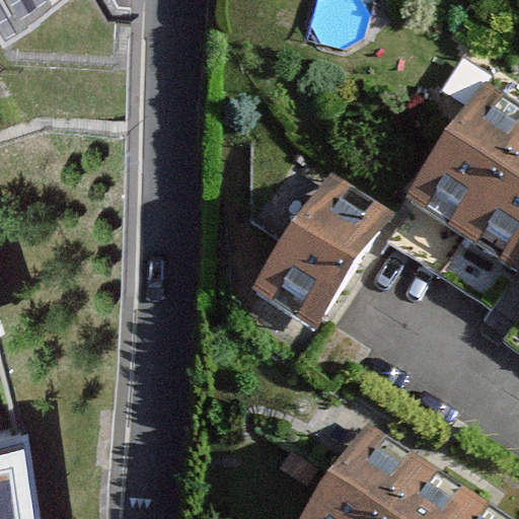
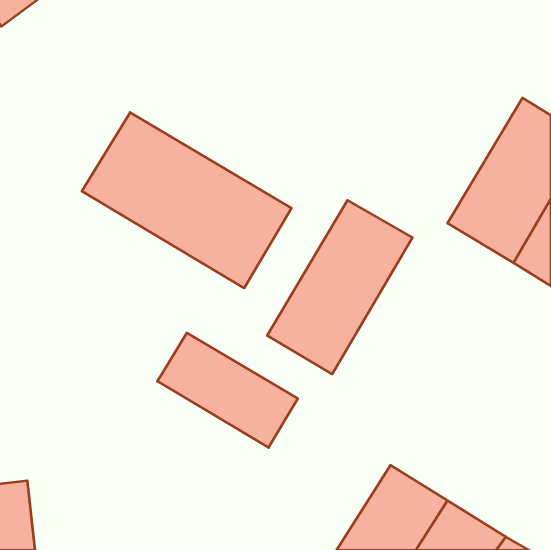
building: none -> [82,112,291,288]
building: none -> [157,333,298,448]

